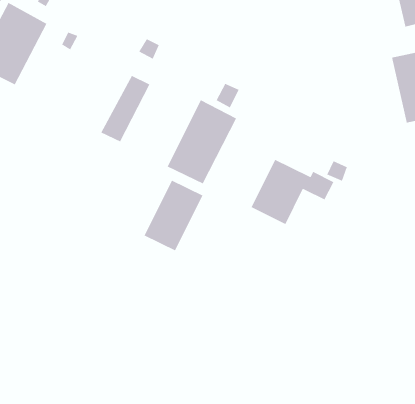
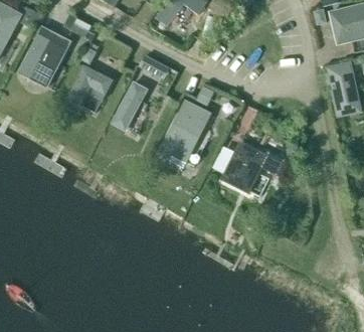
building: none -> [66,63,113,105]
building: [143,179,204,252] -> none

